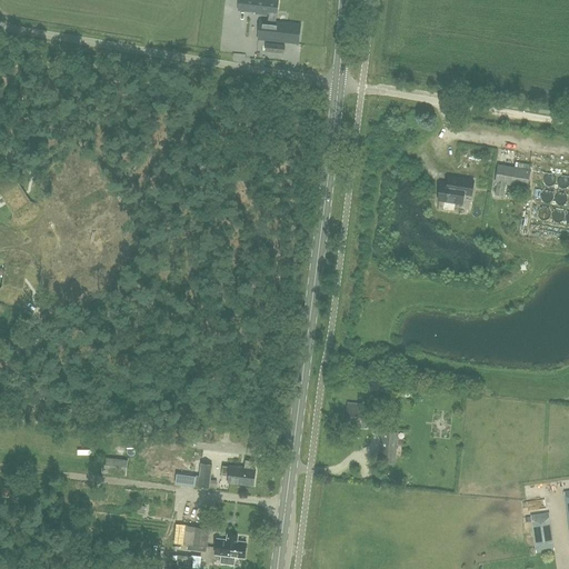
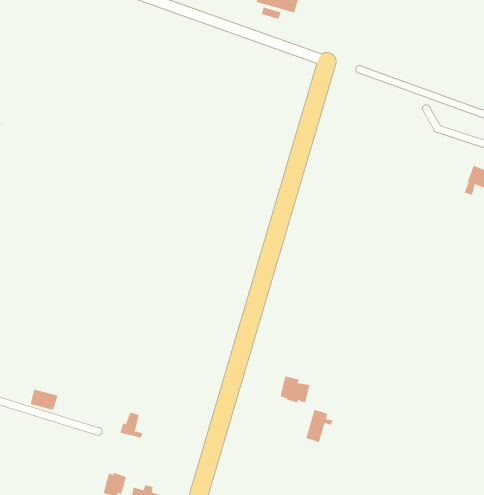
building: [437,177,472,203] -> none
building: [221,460,254,485] -> none

